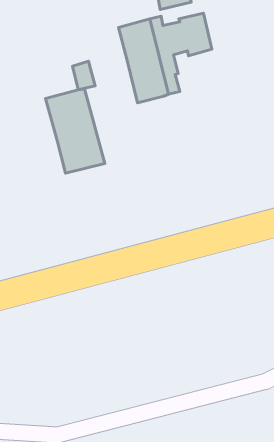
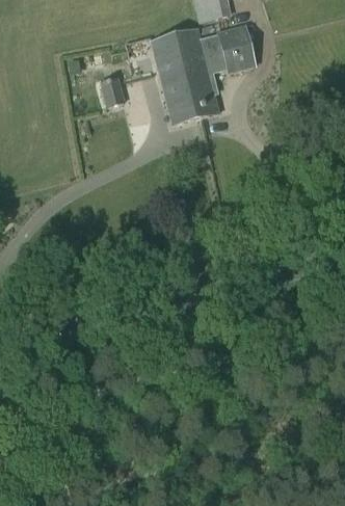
building: [46,89,105,173] -> none

